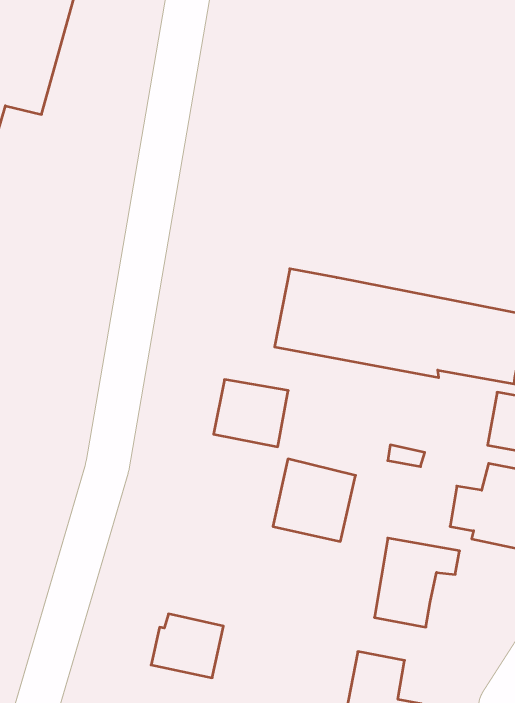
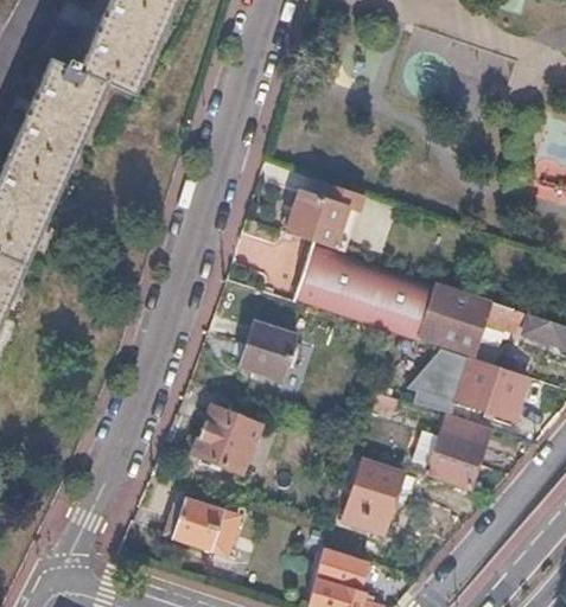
building: none -> [288,183,369,253]
building: none -> [408,344,464,413]
building: [273,459,356,541] -> [192,403,262,473]

